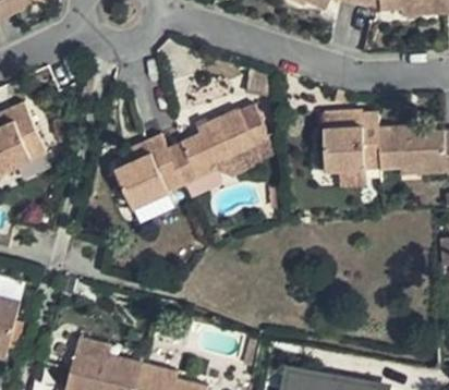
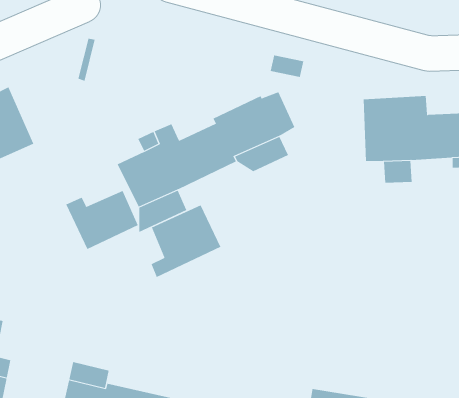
building: none -> [65,190,139,250]
building: none -> [151,204,221,278]

